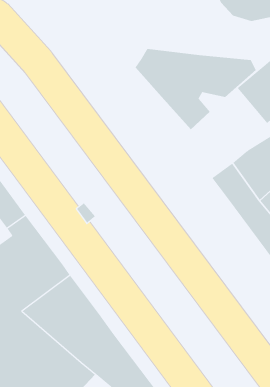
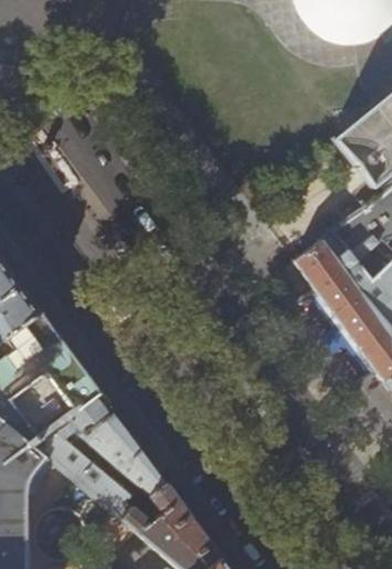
building: [135,48,256,130] -> none

